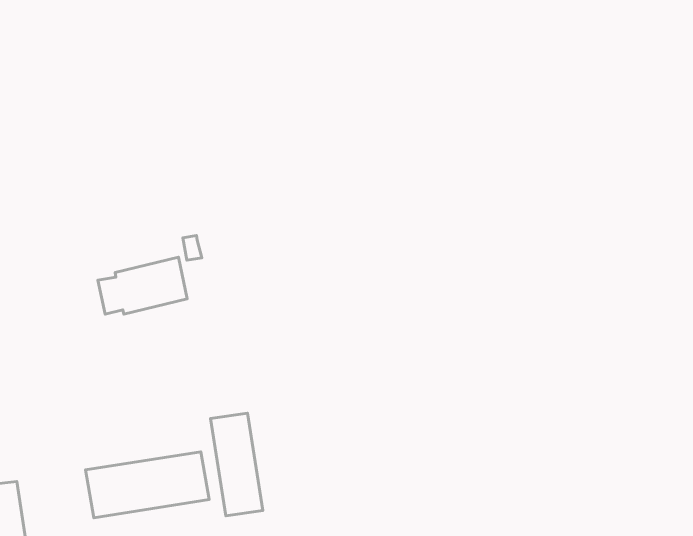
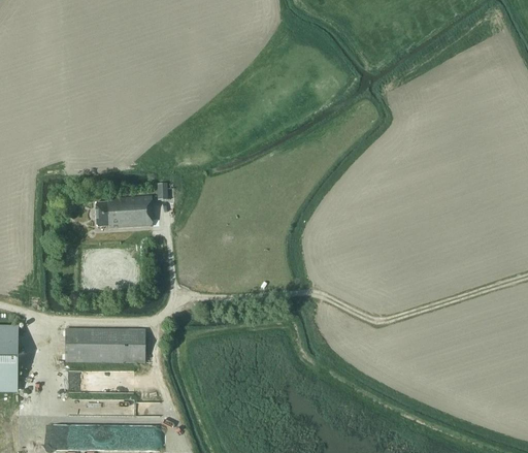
building: [210,413,263,516] -> none

